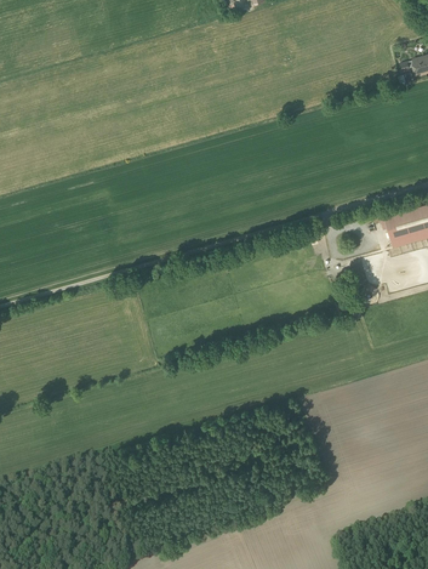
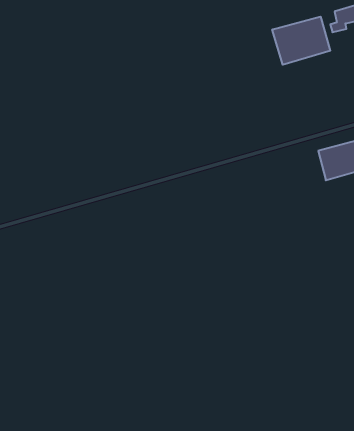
building: none -> [272,17,330,65]

